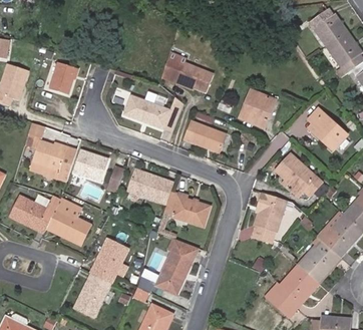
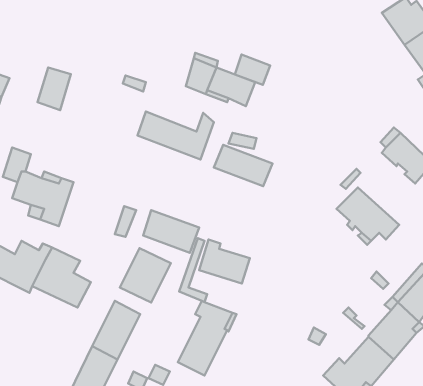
building: none -> [235,54,270,85]
building: [240,90,275,127] -> none
building: [75,148,112,182] -> none
building: [249,193,288,254] -> none
building: none -> [120,248,171,303]

